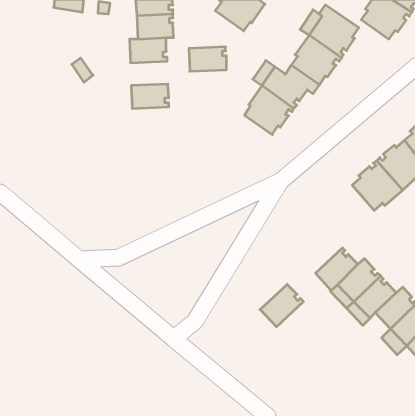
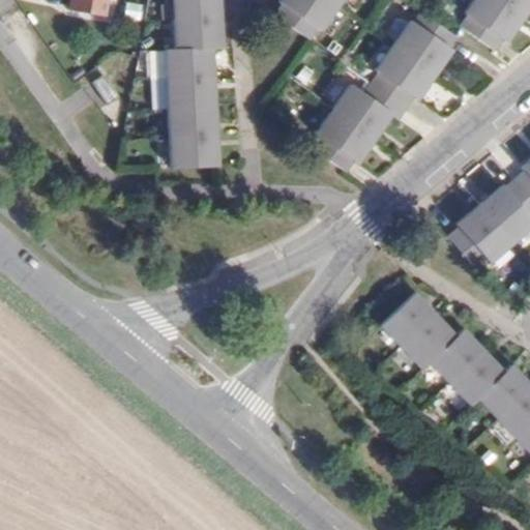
building: [189,47,226,71] -> [168,78,215,109]
building: none -> [170,136,218,167]
building: [260,284,303,327] -> [382,293,437,347]

